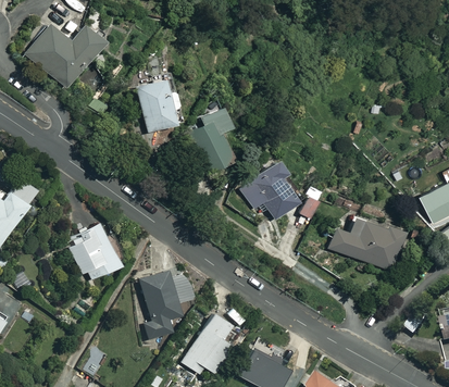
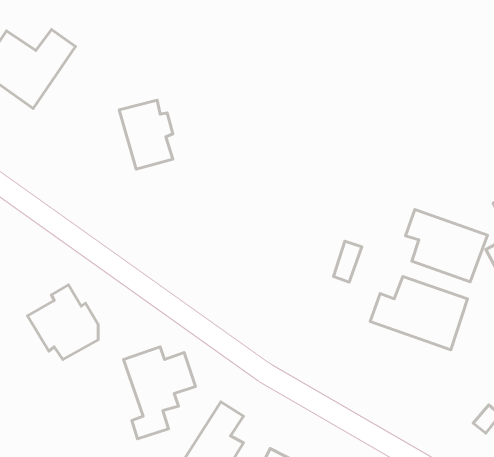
building: [187,104,233,173] -> none
building: [239,158,300,221] -> none
building: none -> [406,210,487,282]

